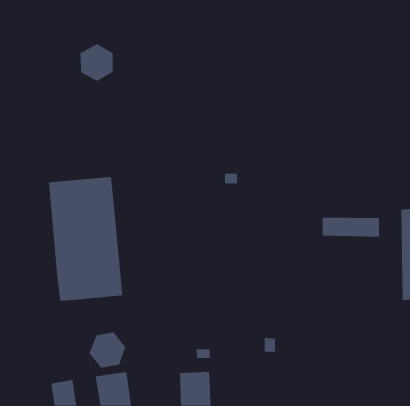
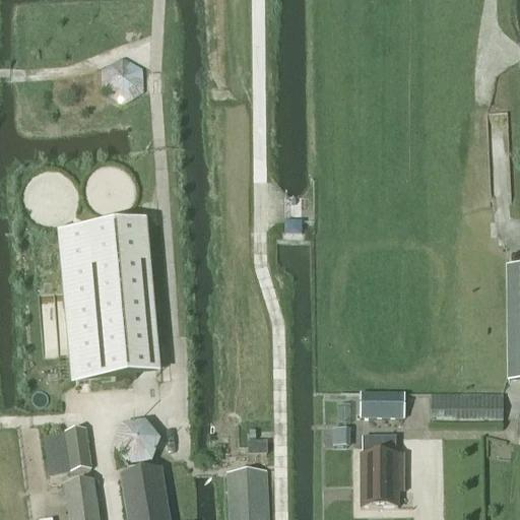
building: [322,217,380,237] -> [431,392,504,417]
building: none -> [360,392,405,415]
building: none -> [44,427,92,472]
building: none -> [361,435,403,505]

